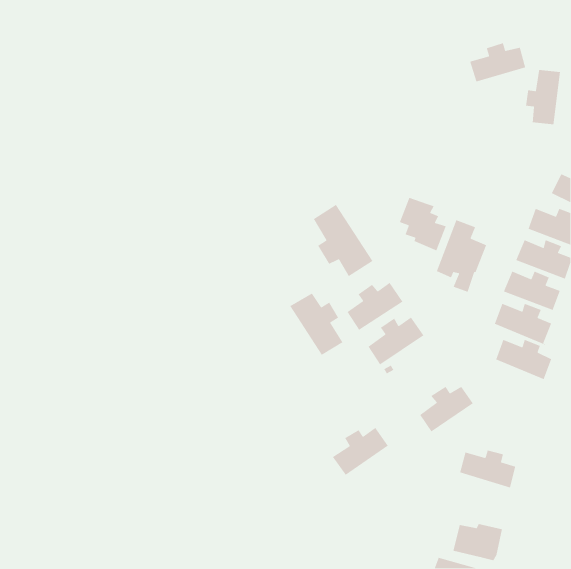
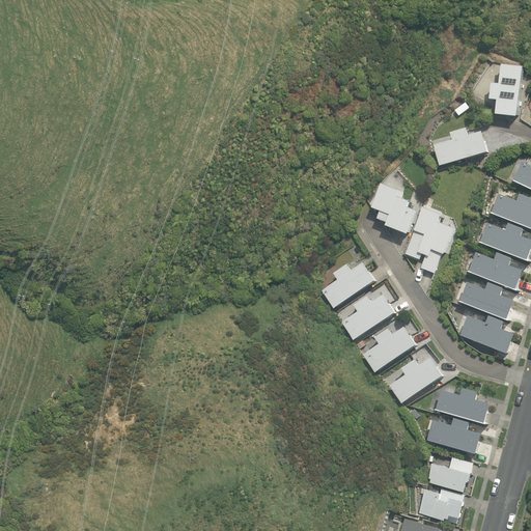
building: [469,42,526,82] -> [432,127,485,164]
building: [313,204,373,277] -> none
building: [289,292,343,356] -> none
building: none -> [435,387,488,423]
building: [332,427,389,476] -> [362,326,415,371]
building: none -> [430,452,476,490]

